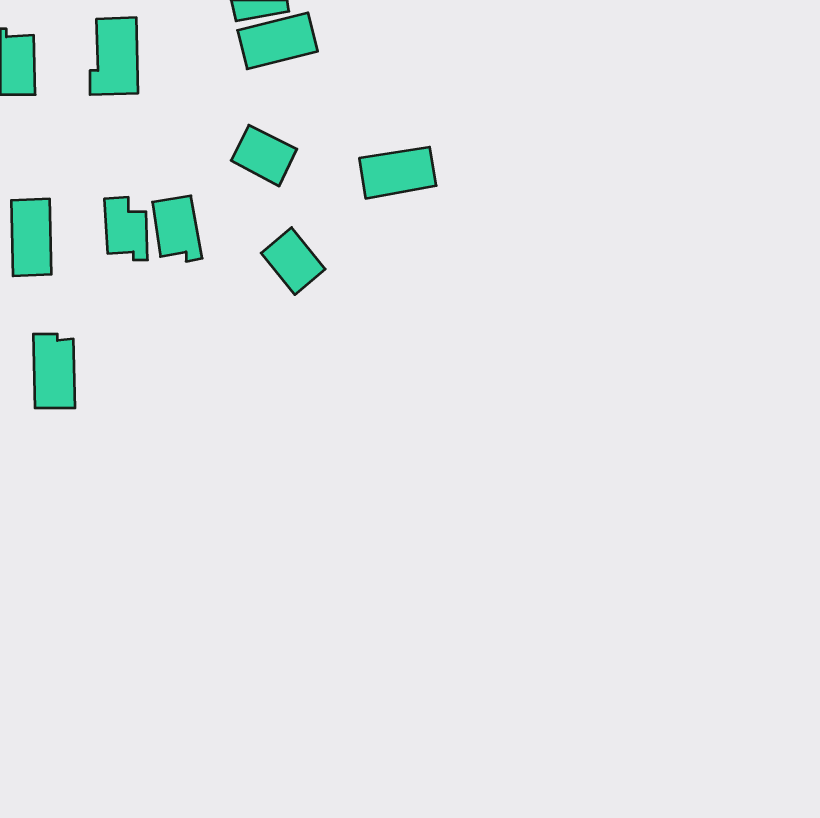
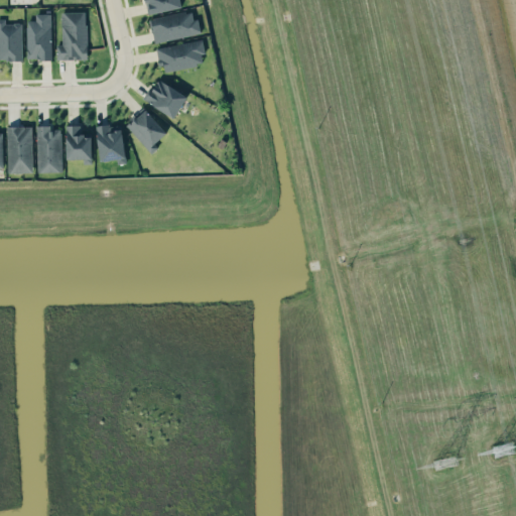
building: none -> [26,14,52,60]
building: [359,147,436,198] -> [157,40,206,73]
building: [261,227,325,295] -> [127,109,167,151]
building: [33,334,75,408] -> [36,126,62,172]

